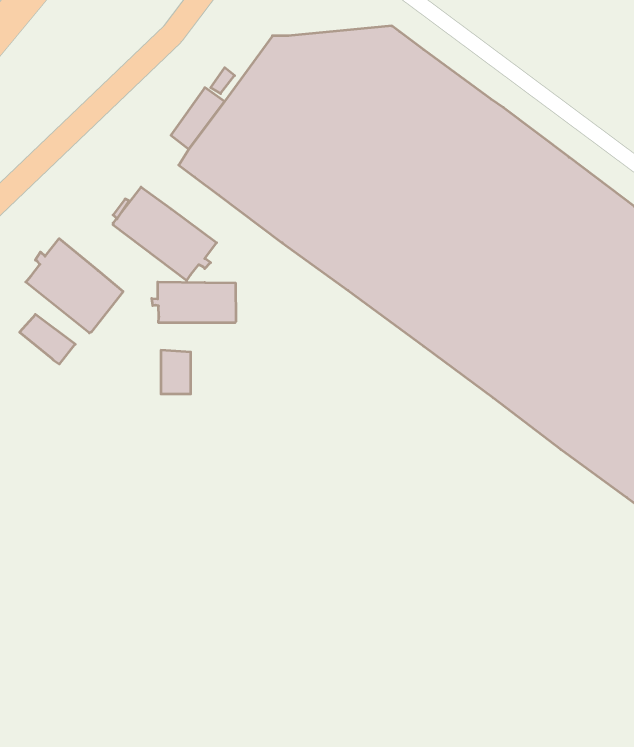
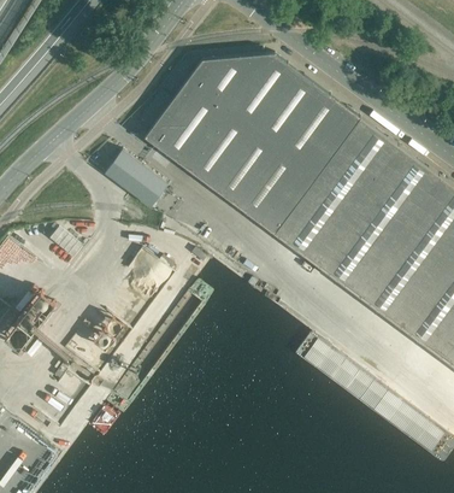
building: [26,239,123,333] -> none
building: [152,282,236,323] -> none

